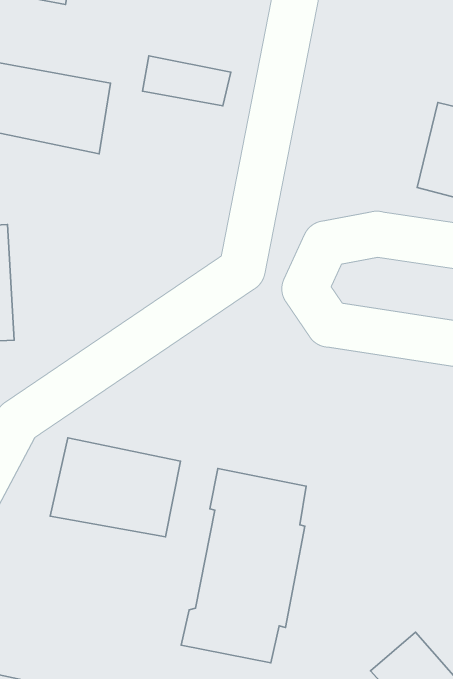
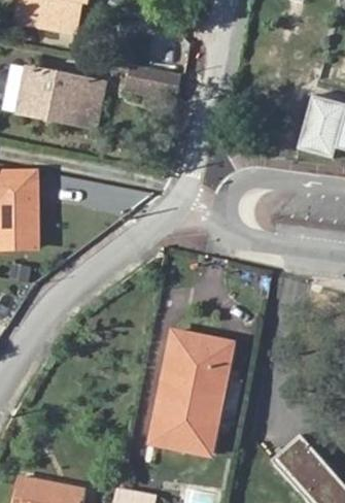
building: [50,438,181,537] -> none

